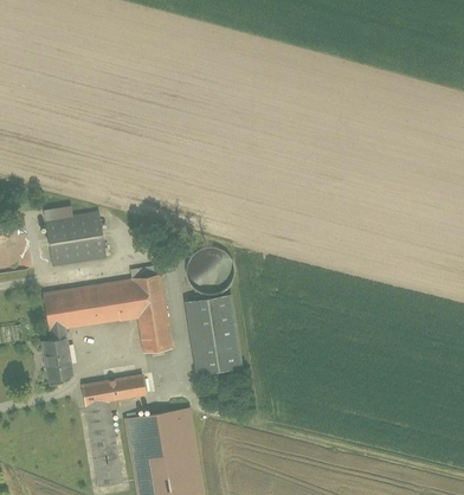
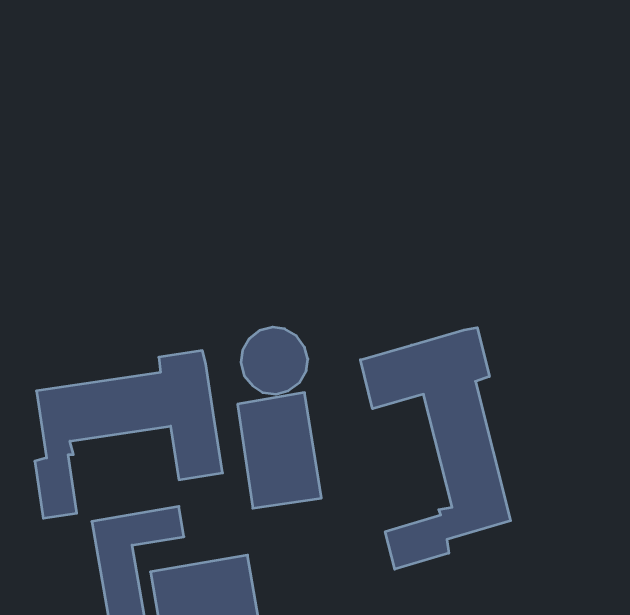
building: [43,211,105,268] -> none
building: none -> [360,328,511,569]

